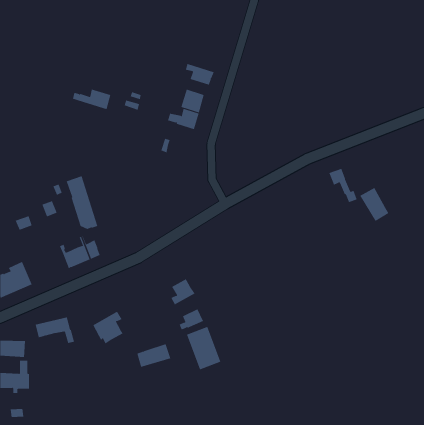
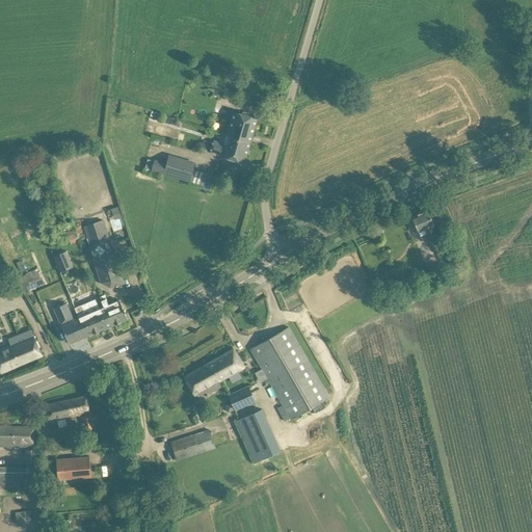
building: [185,63,215,86] -> none
building: [72,89,111,110] -> [144,155,193,181]
building: [359,187,389,222] -> none
building: none -> [53,302,85,344]
building: none -> [249,327,328,423]
building: [93,311,123,344] -> [183,358,221,400]
building: none -> [55,456,90,479]

